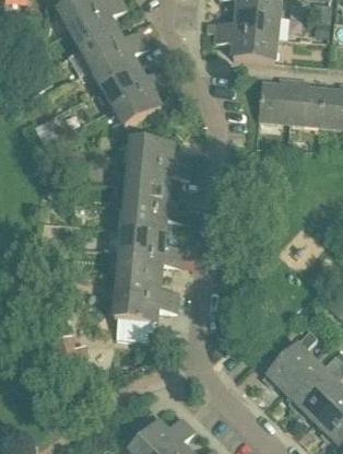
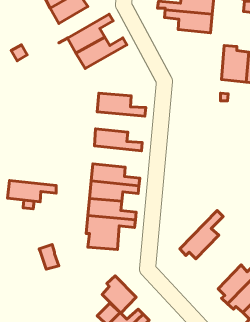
building: [69,27,143,74] -> none
building: [113,77,170,128] -> none
building: [257,77,291,121] -> none
building: [126,163,189,189] -> none
building: [122,207,185,234] -> [8,180,56,202]
building: [262,328,318,391] -> [180,211,223,259]
building: none -> [102,276,136,313]

